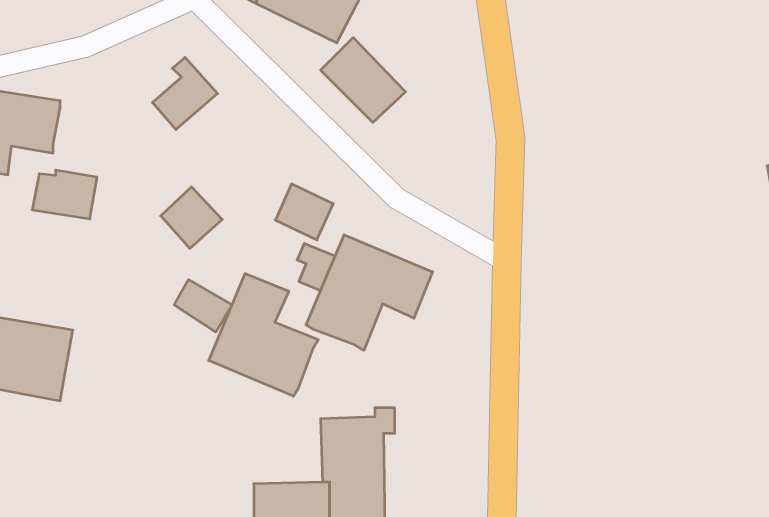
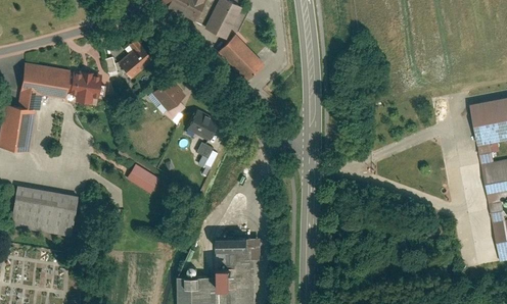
building: [32,170,97,219] -> [64,69,101,97]
building: [161,187,222,248] -> [157,82,192,116]
building: [306,235,433,350] -> none
building: [209,274,318,396] -> none

